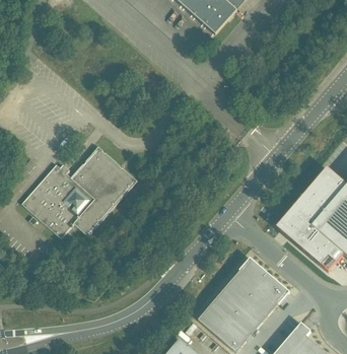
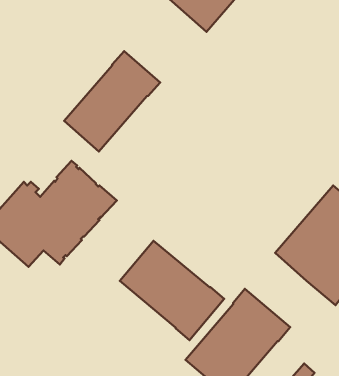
building: none -> [64,51,160,151]
building: none -> [120,241,224,340]

